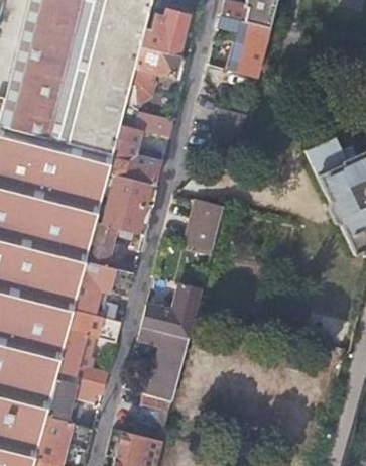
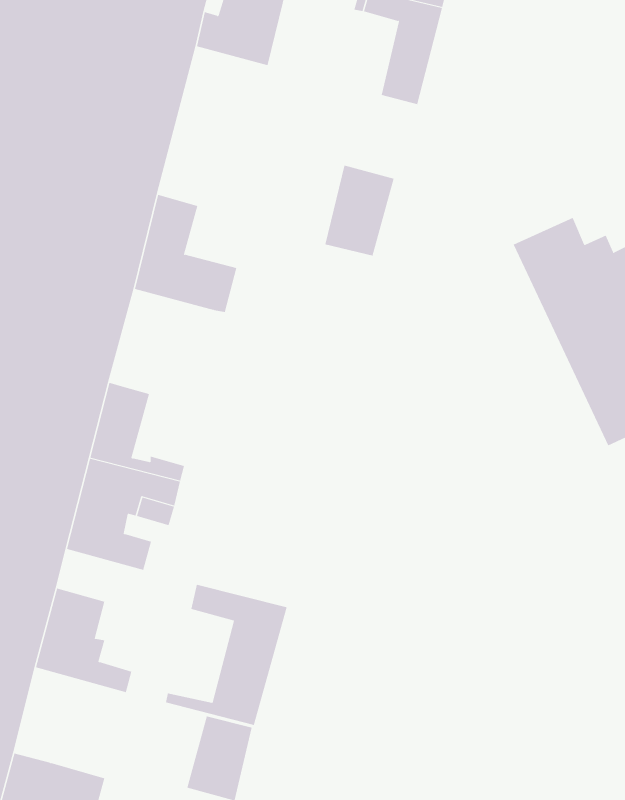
building: [121,48,179,138] -> none
building: [103,177,150,236] -> none
building: [184,202,223,254] -> none
building: [141,284,202,340] -> none
building: [69,310,121,343] -> none
building: [46,371,105,421] -> none

